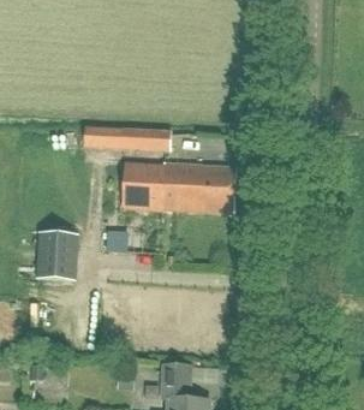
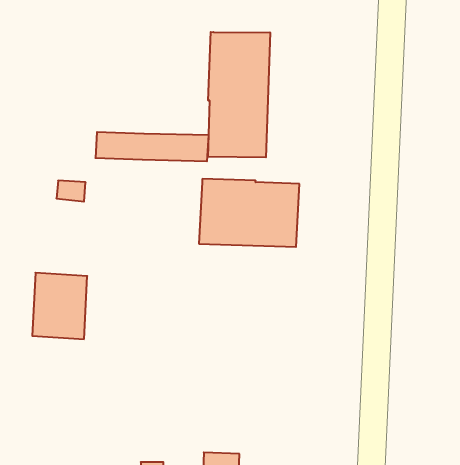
building: none -> [208,32,270,157]
building: [123,162,163,209] -> none

